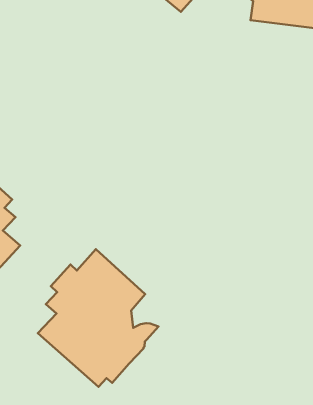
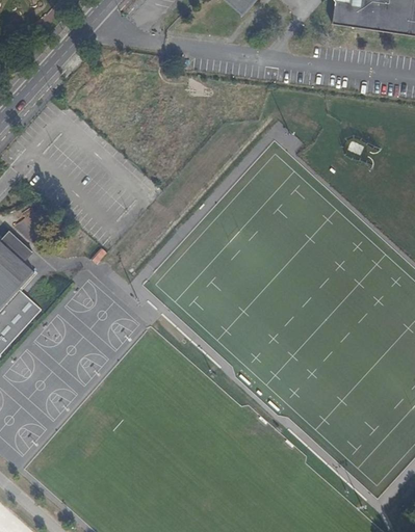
building: [38,249,158,387] -> none

